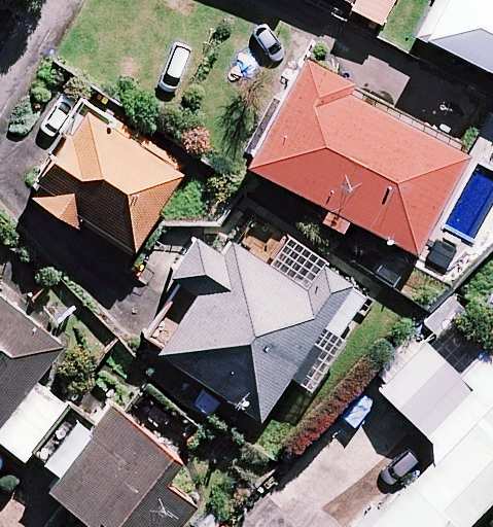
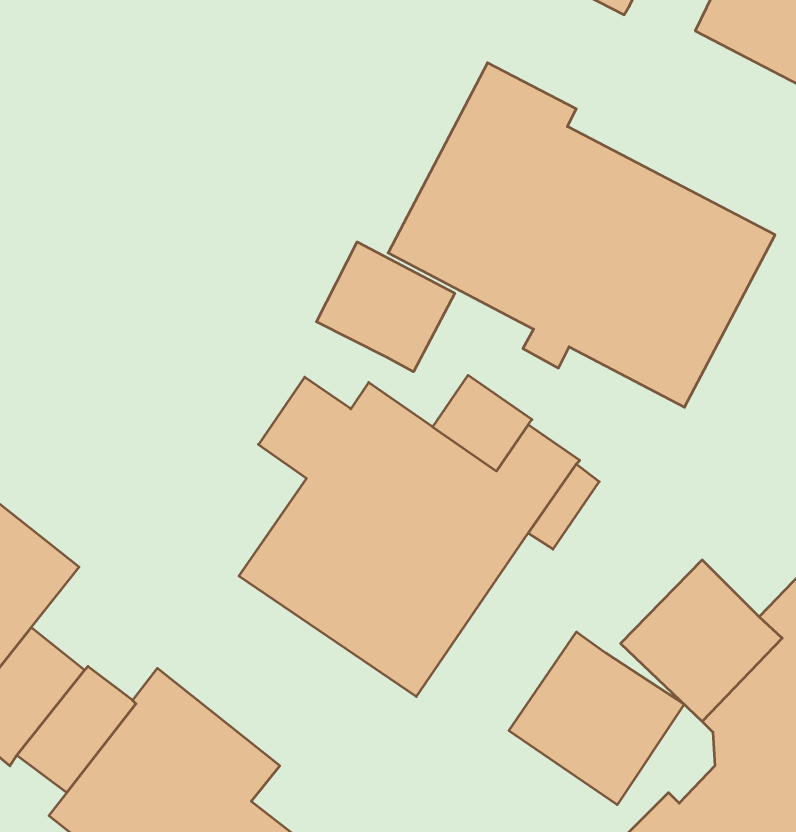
building: [31,112,184,253] -> none
building: none -> [316,242,455,372]
building: none -> [509,632,684,805]

